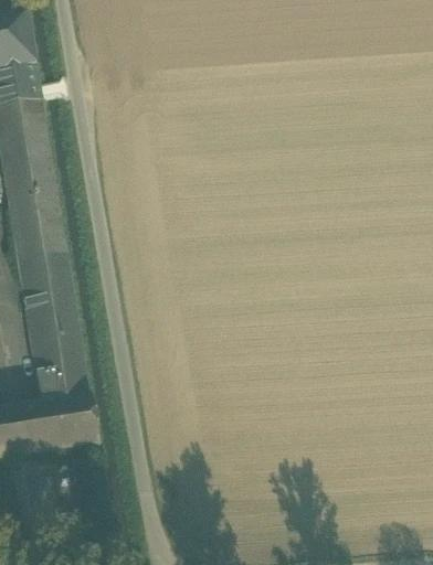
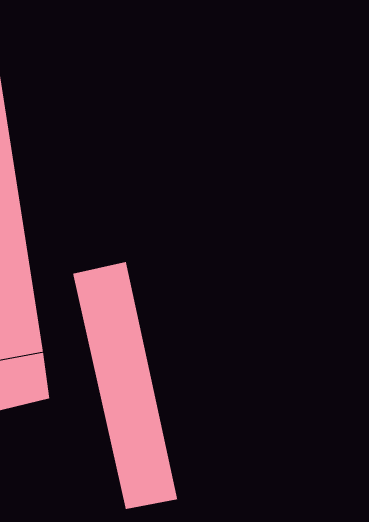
building: none -> [72,261,178,510]

